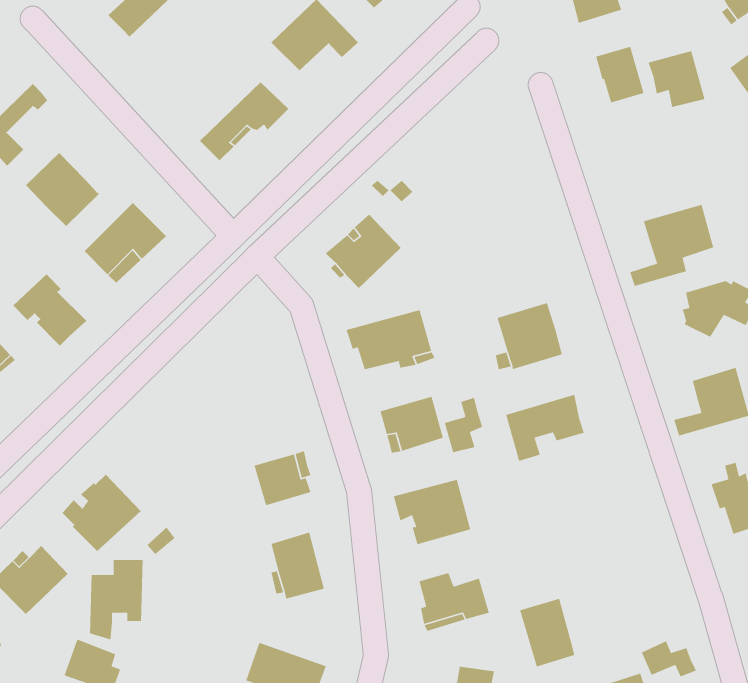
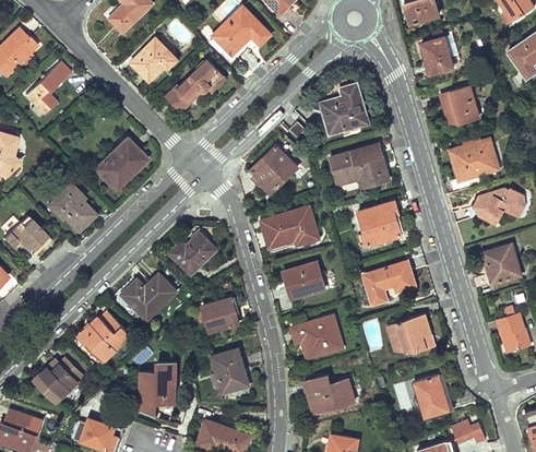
building: none -> [131,38,176,80]
building: [648,50,705,108] -> [441,86,478,123]
building: none -> [319,85,368,134]
building: [25,152,100,227] -> none
building: none -> [330,143,389,185]
building: none -> [170,230,216,275]
building: [444,397,483,453] -> none
building: none -> [121,275,175,320]
building: none -> [386,314,430,354]
building: [89,559,144,641] -> [140,364,175,416]
building: [519,598,575,667] -> [413,374,449,419]

